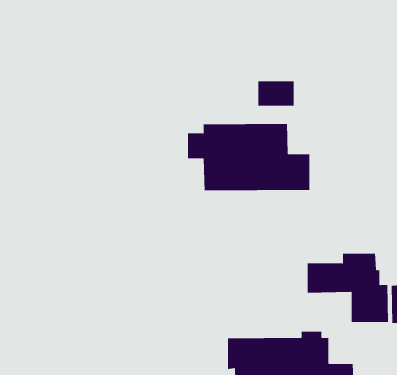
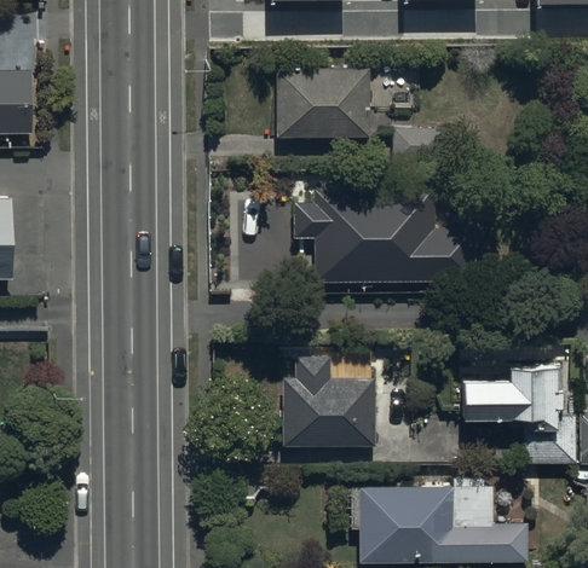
building: none -> [276,69,369,137]
building: none -> [282,357,376,447]

